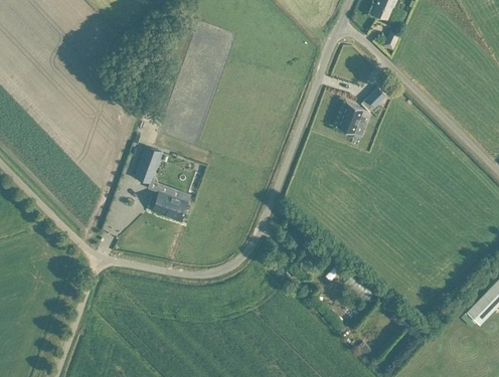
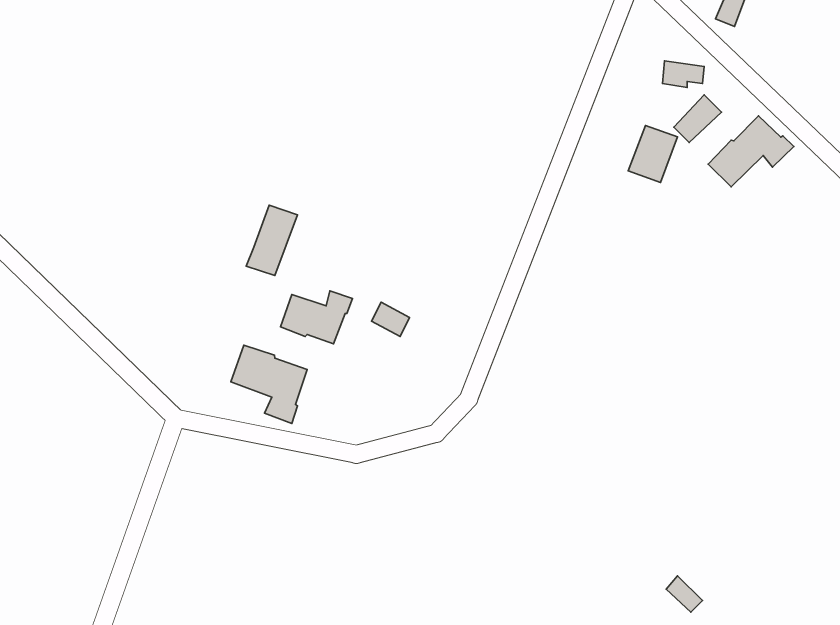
building: none -> [708,116,794,187]
building: none -> [231,345,307,423]

